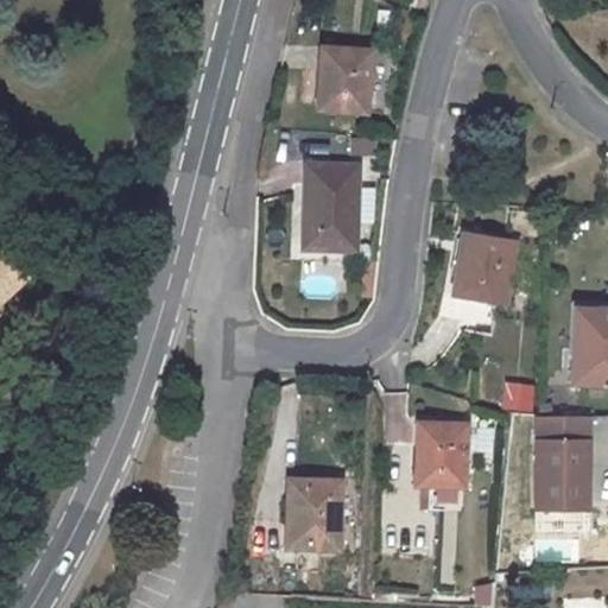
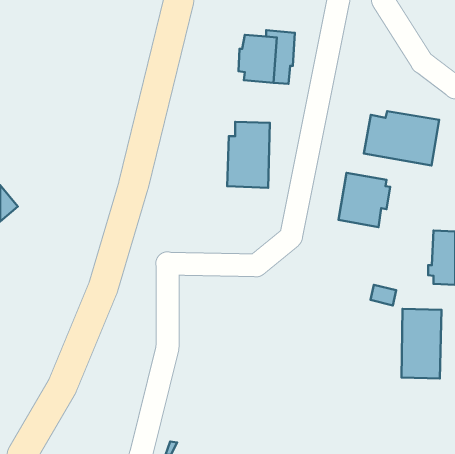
building: none -> [364,111,439,166]
building: [412,422,467,512] -> none
building: [286,480,341,550] -> none

